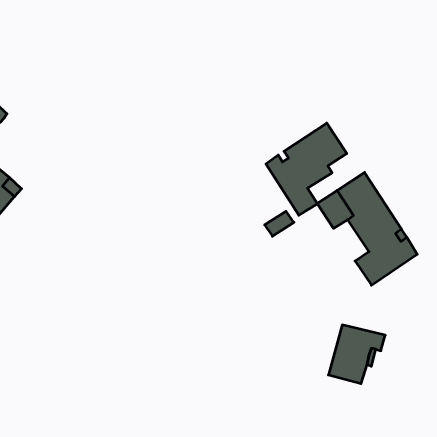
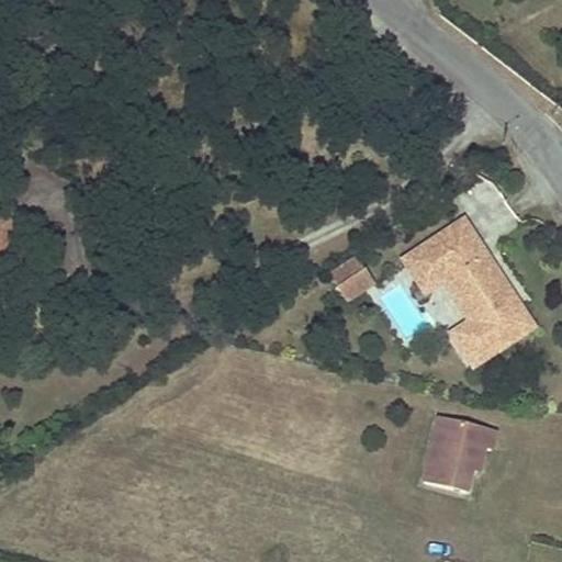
building: [266,123,347,215] -> none

